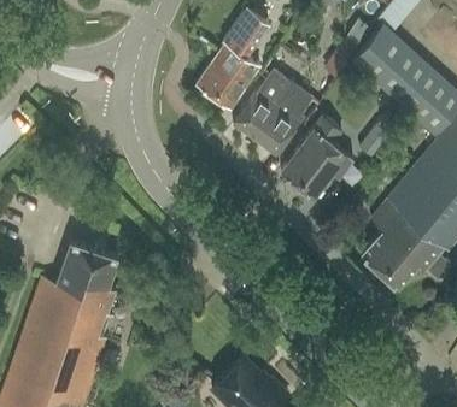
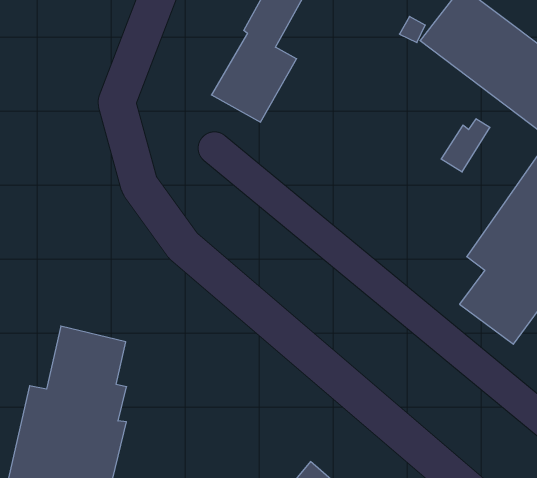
building: [233,72,312,154] -> none
building: [279,118,351,197] -> none

